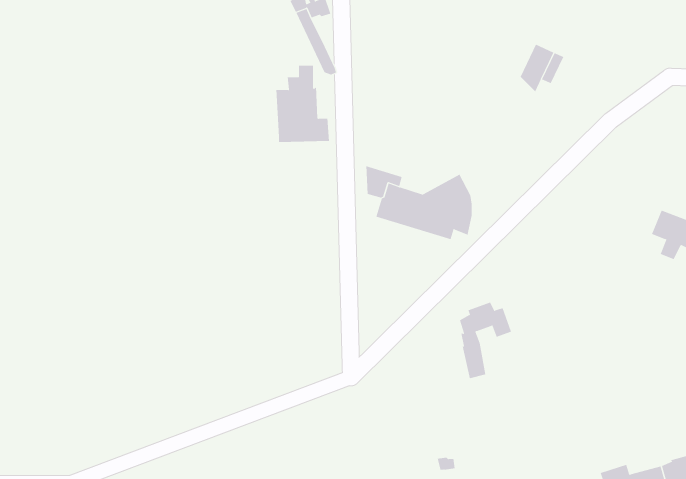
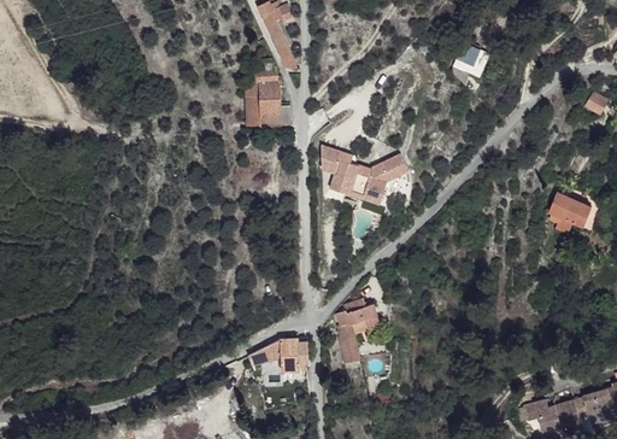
building: [459,302,512,379] -> [340,298,384,363]
building: none -> [247,339,307,371]

